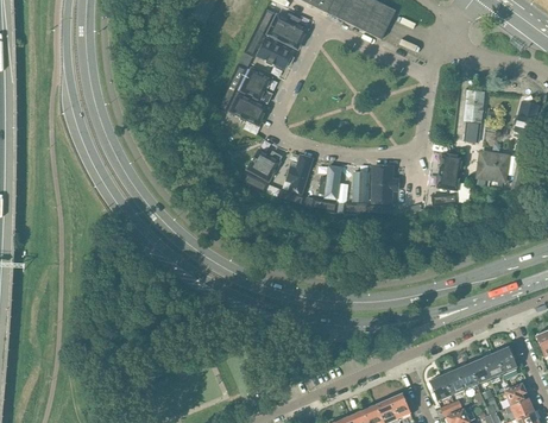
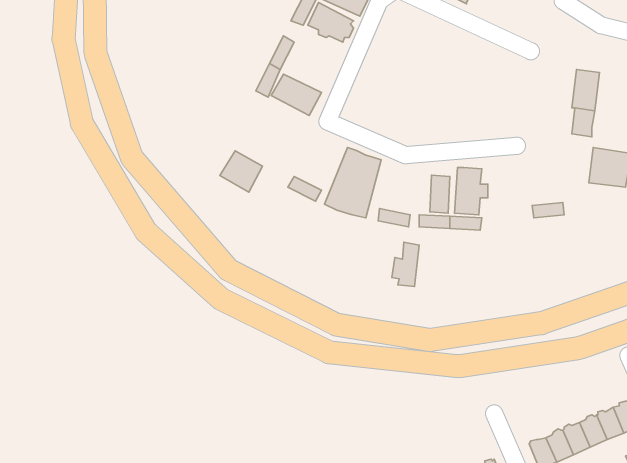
building: [240,68,275,102] -> none
building: [246,150,279,182] -> [220,151,263,192]
building: [436,153,461,190] -> none
building: [319,165,340,200] -> [392,242,419,287]

